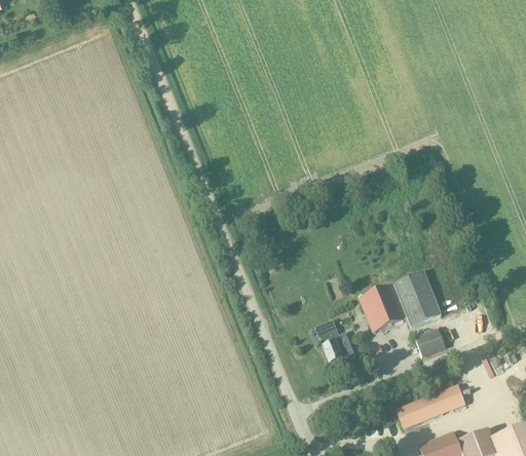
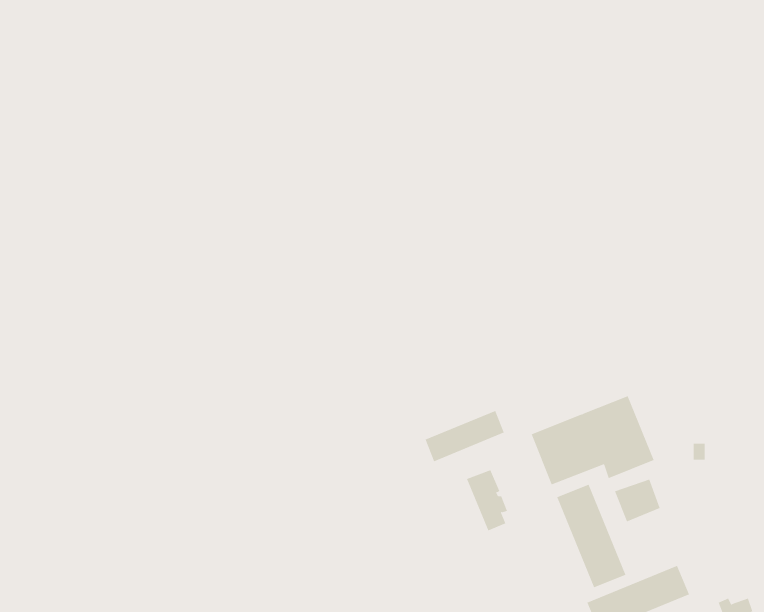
building: none -> [425,410,505,462]
building: none -> [557,484,626,588]

